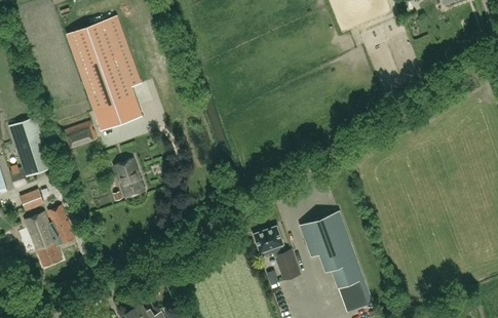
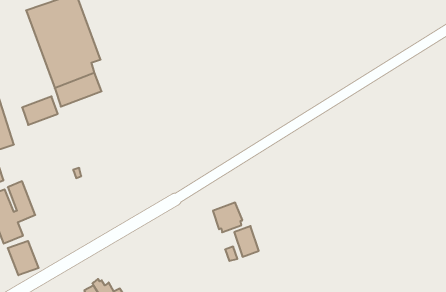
building: [112,156,146,198] -> none
building: [300,211,373,311] -> none
building: none -> [8,241,39,275]

